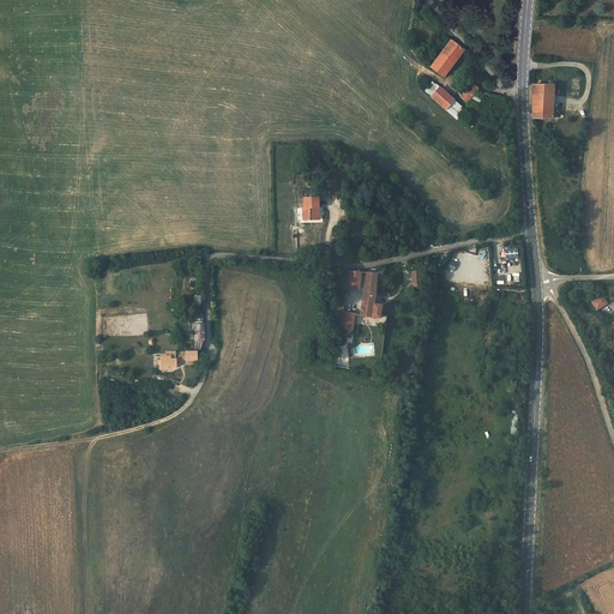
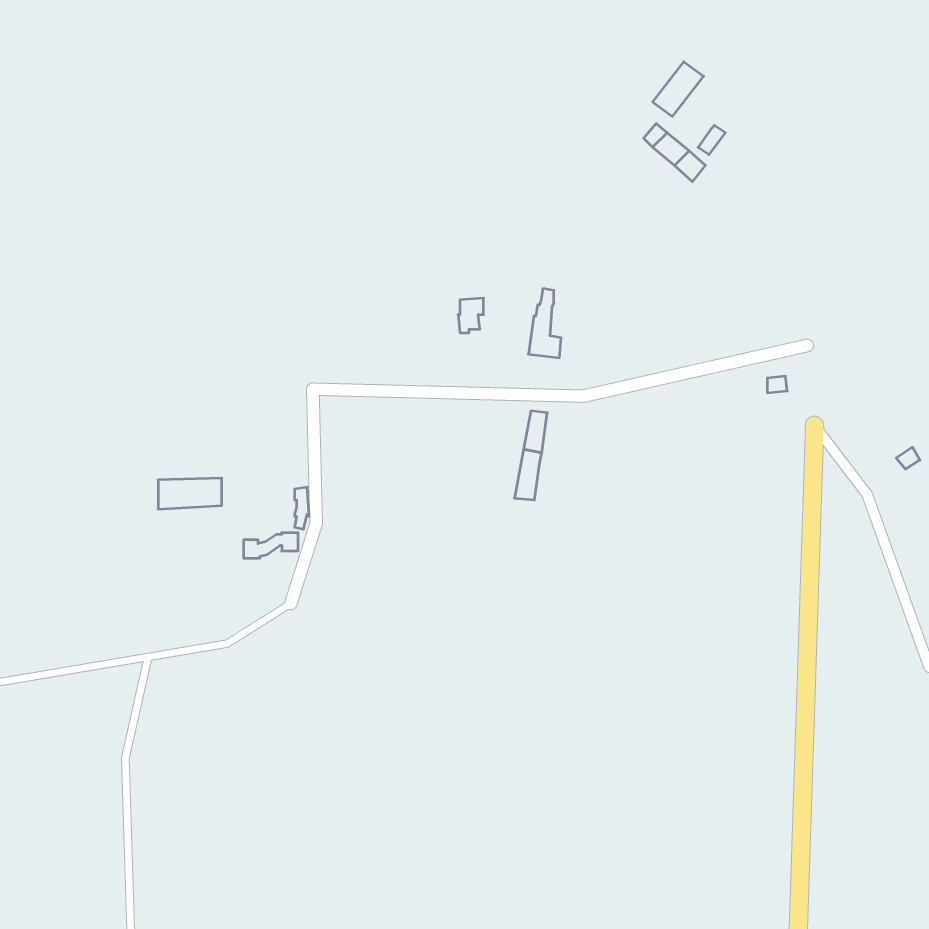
building: [532,85,554,119] -> none
building: [360,272,381,318] -> [528,289,561,358]

